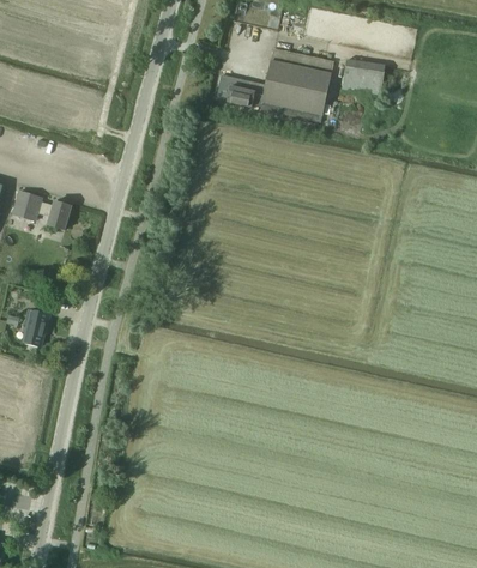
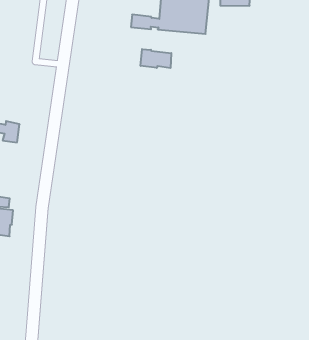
building: none -> [141,49,171,68]

